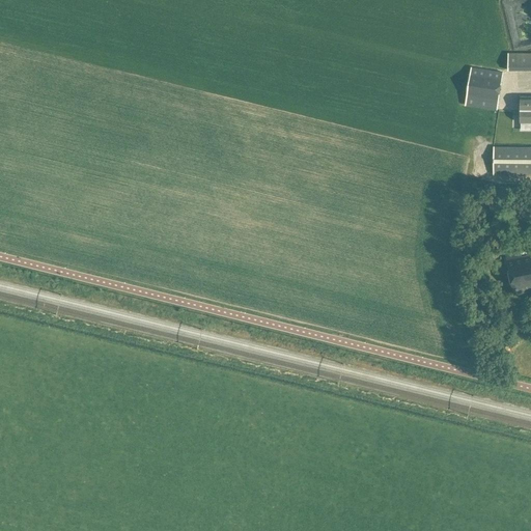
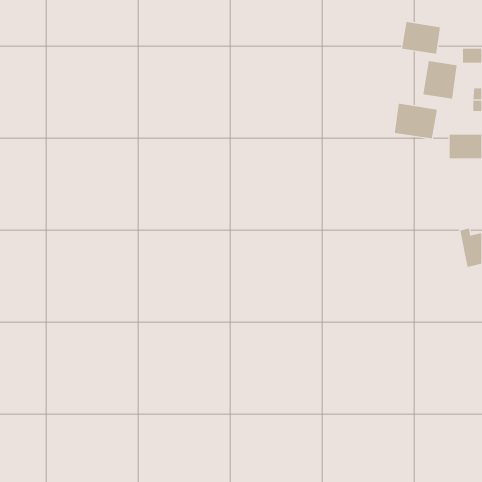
building: none -> [402,21,440,54]
building: none -> [394,103,438,139]

